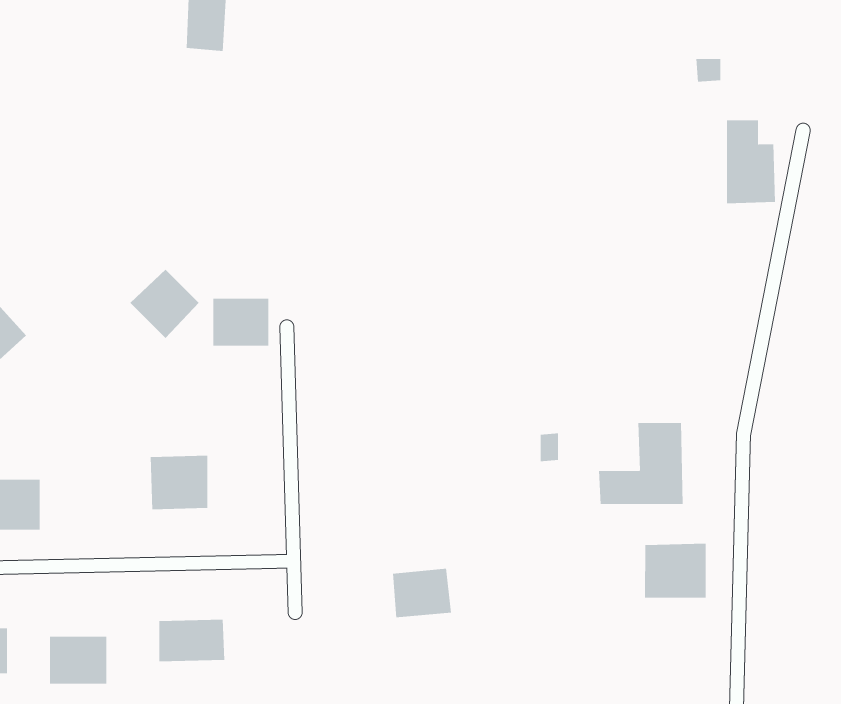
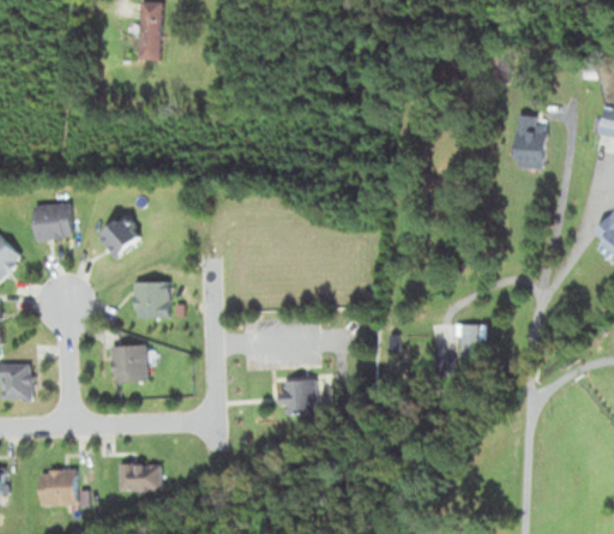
building: none -> [30,202,72,242]
building: [213,298,269,346] -> [132,283,171,317]
building: [645,543,706,599] -> none
building: [392,568,452,618] -> [277,379,319,414]

